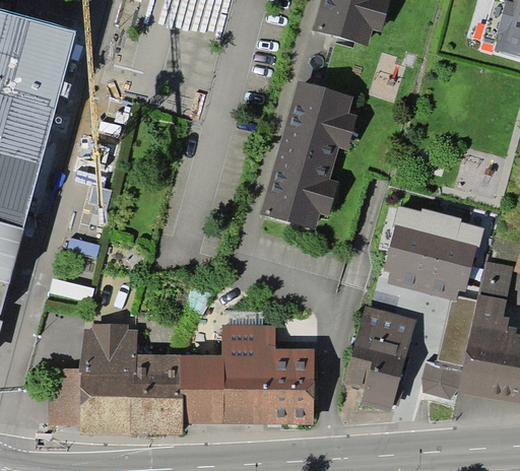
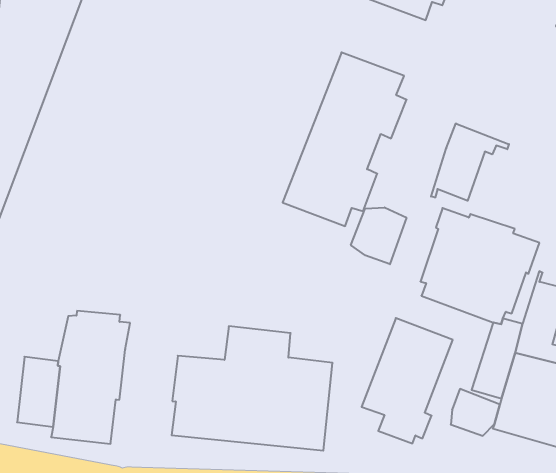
building: none -> [431,123,509,201]
building: none -> [351,207,406,264]
building: [131,353,184,434] -> none

